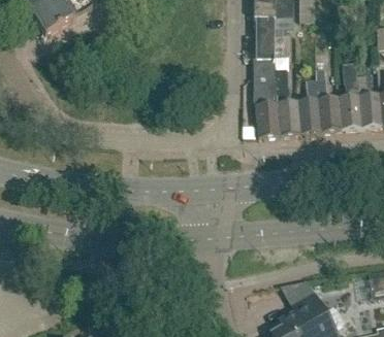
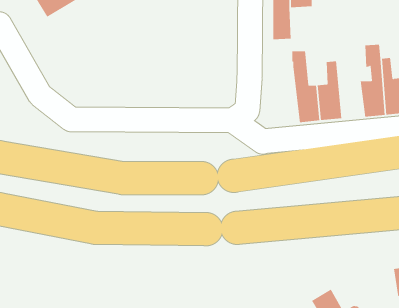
building: [255,56,281,136] -> none
building: [315,65,342,130] -> none

